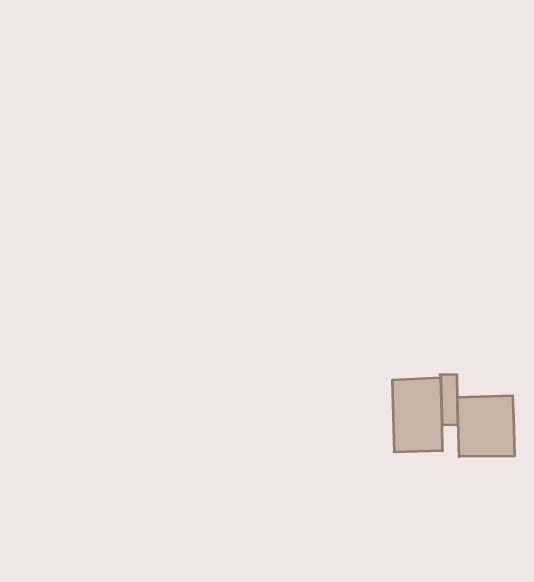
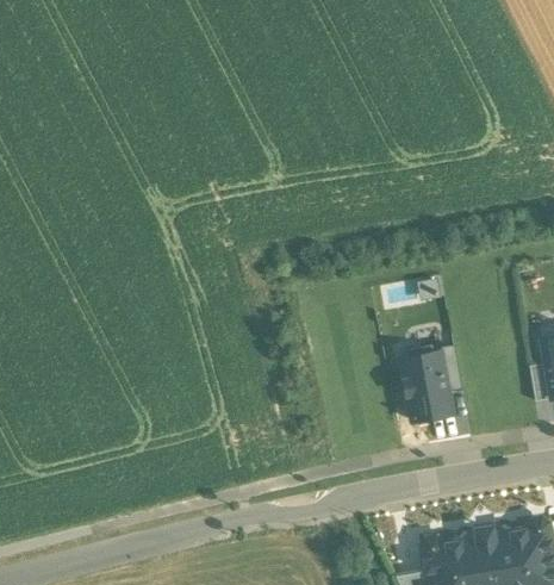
building: [458,396,514,457] -> none

